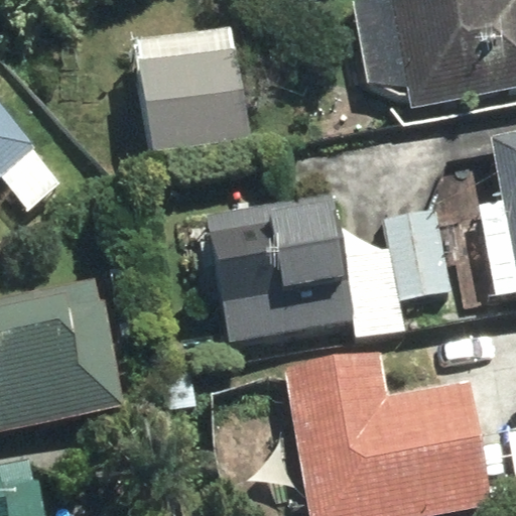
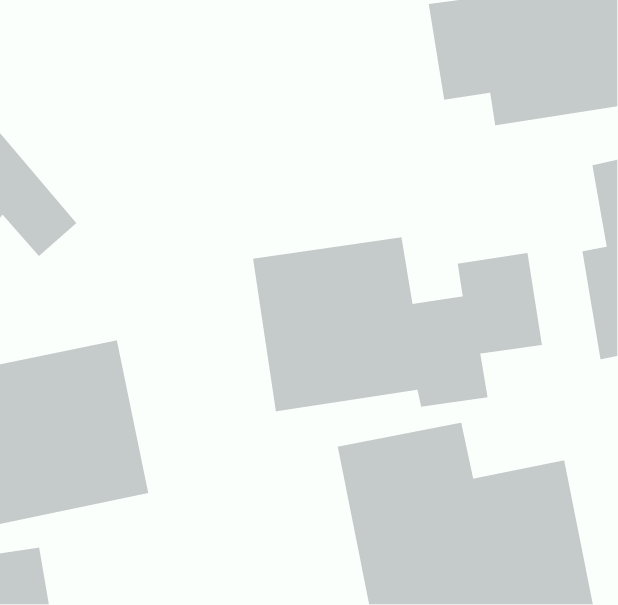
building: [128,25,255,159] -> none

